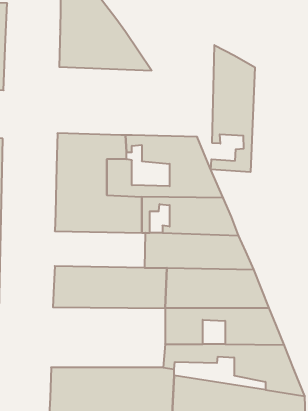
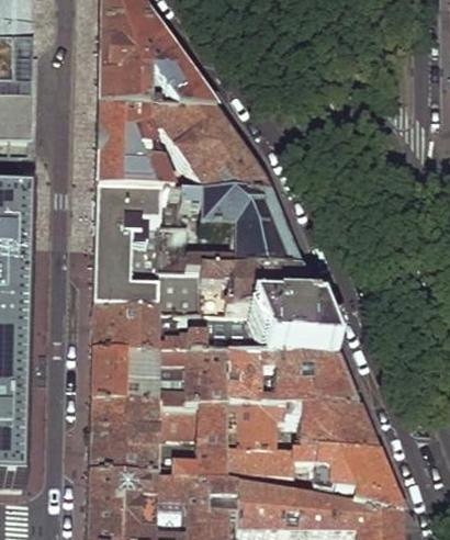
building: [211,45,255,172] -> none
building: none -> [99,104,270,190]
building: none -> [95,305,206,350]
building: none -> [91,398,230,472]

